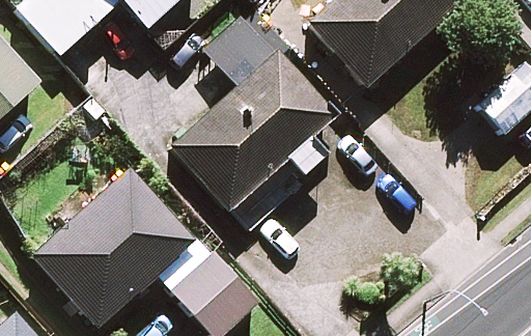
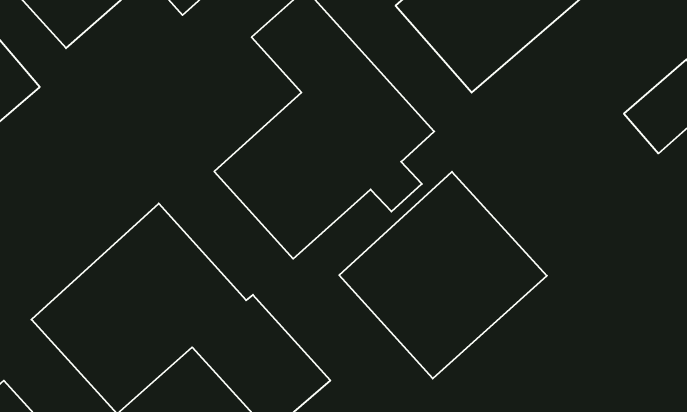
building: none -> [339,172,547,379]

